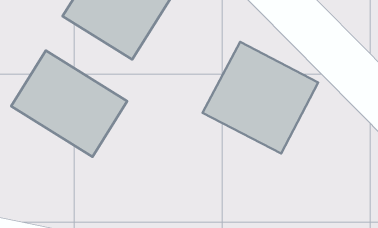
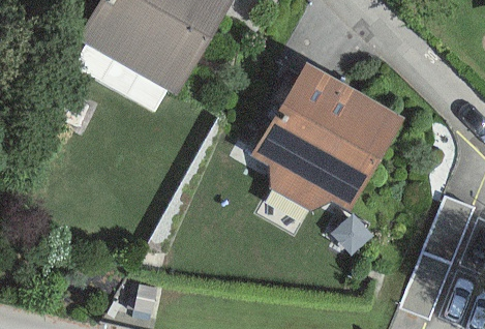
building: [11,50,127,157] -> none

